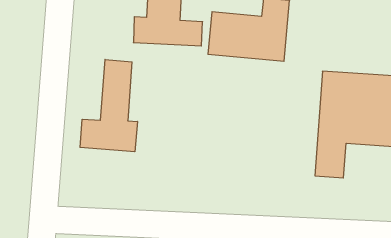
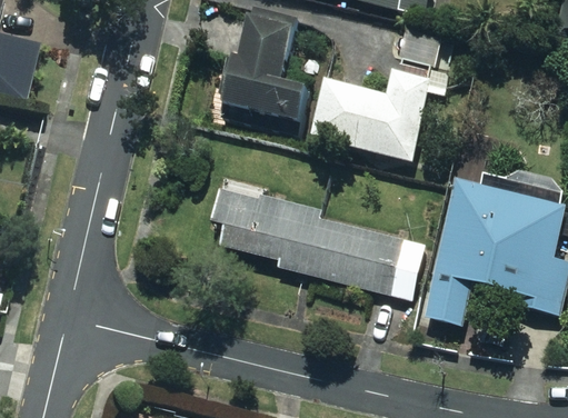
building: [80,59,137,152] -> none
building: none -> [209,187,426,301]

